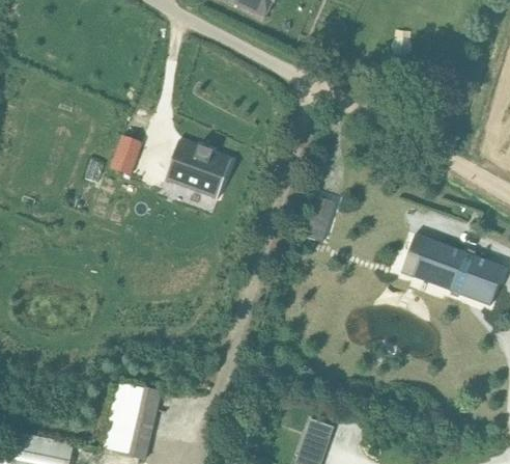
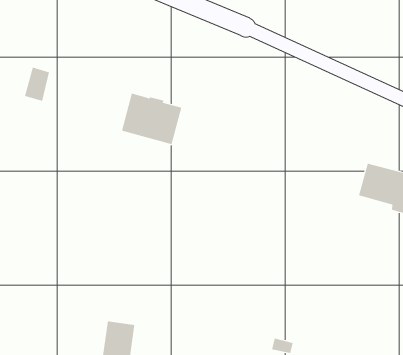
building: [111,136,141,174] -> [24,67,50,101]
building: [305,196,330,242] -> none

